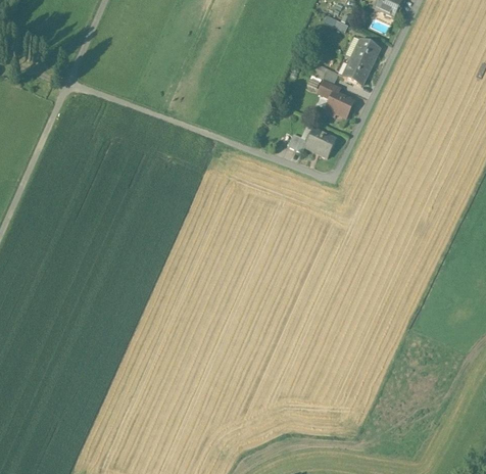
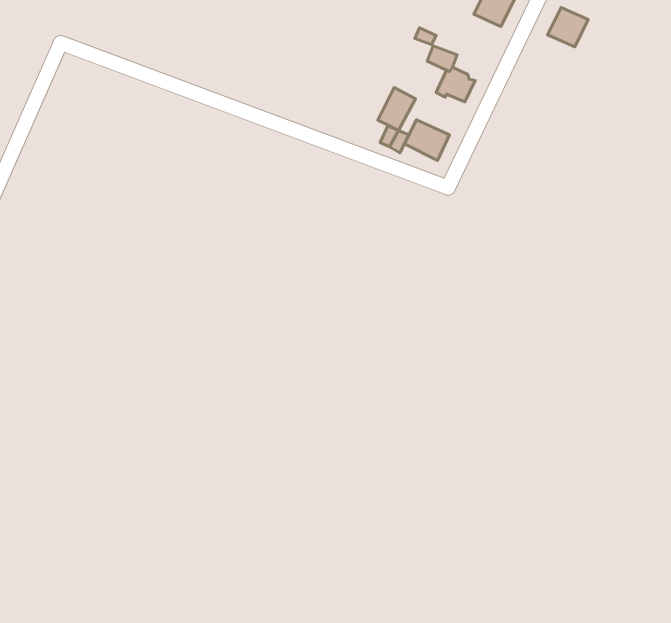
building: [342,57,370,84] -> [548,8,588,47]
building: none -> [378,87,416,130]

